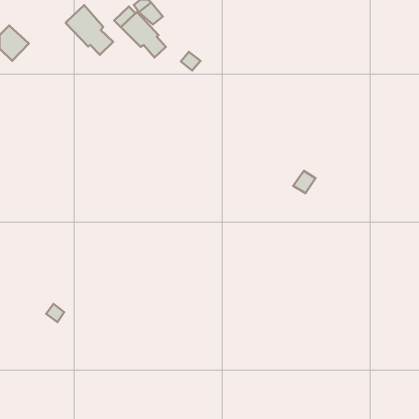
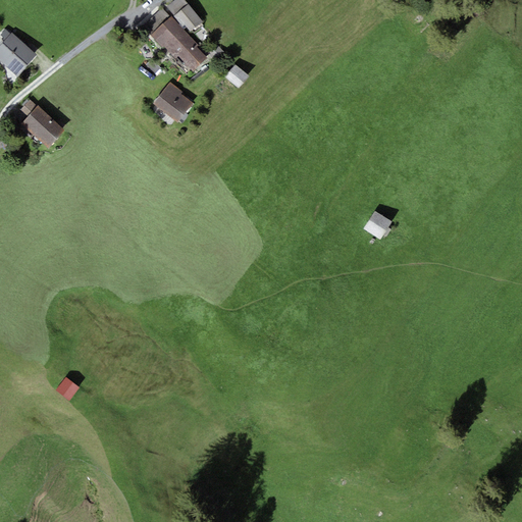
building: [66,5,113,55] -> none
building: none -> [152,81,192,121]
building: none -> [19,99,63,147]

